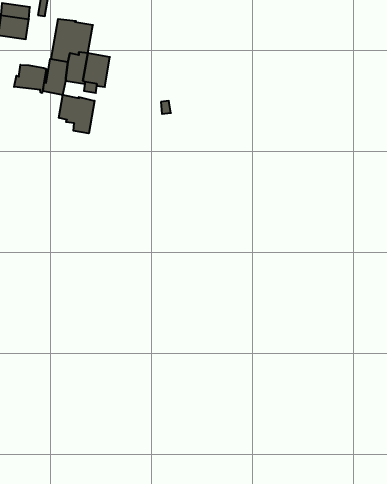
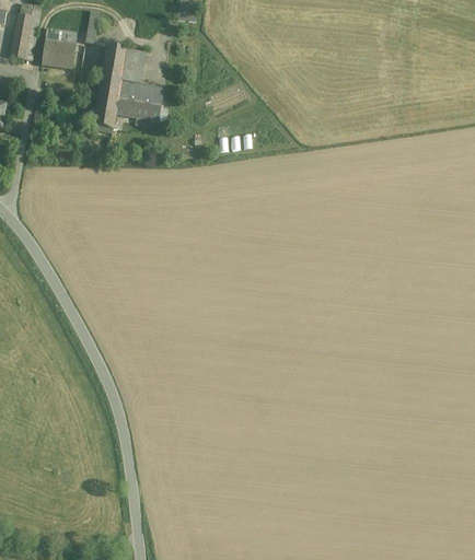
building: [14,65,46,93] -> none
building: [59,95,95,133] -> none

